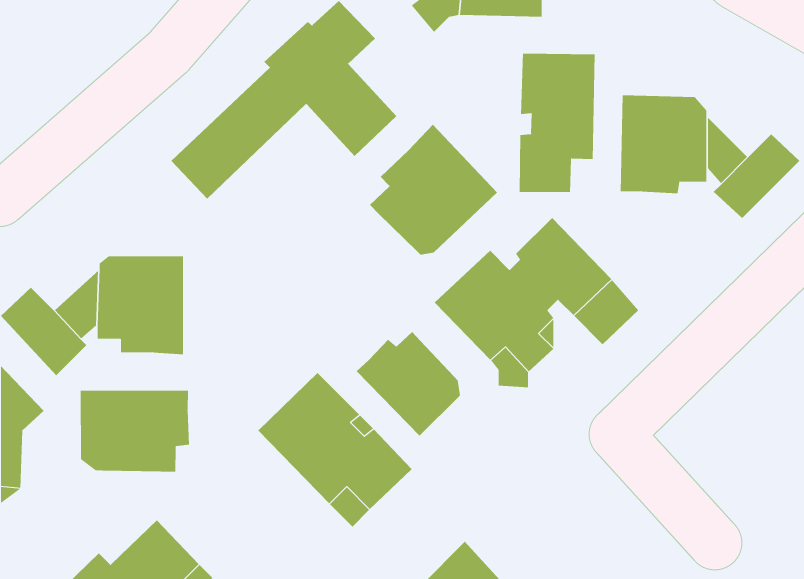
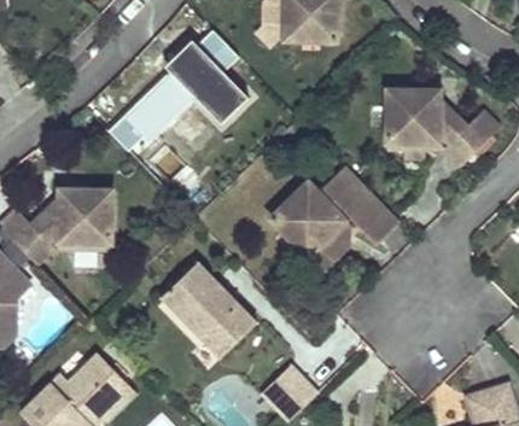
building: [519,53,595,193] -> none
building: [369,124,498,256] -> none
building: [356,331,460,436] -> none
building: [80,390,189,472] -> none

